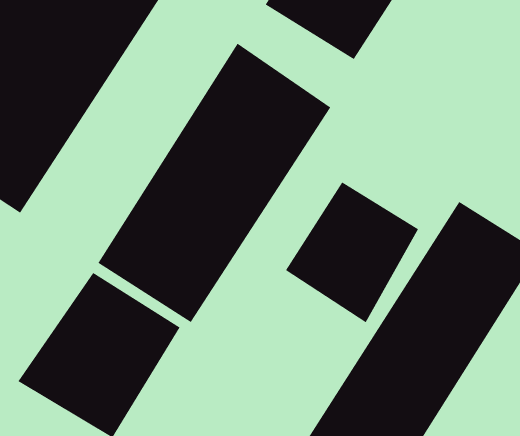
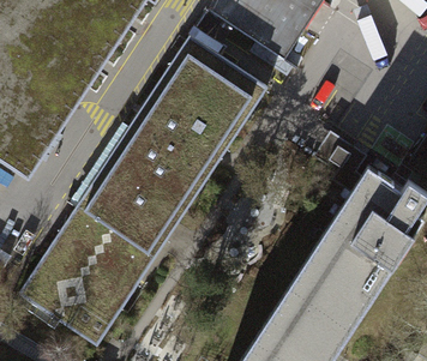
building: [285,181,419,323] -> none

